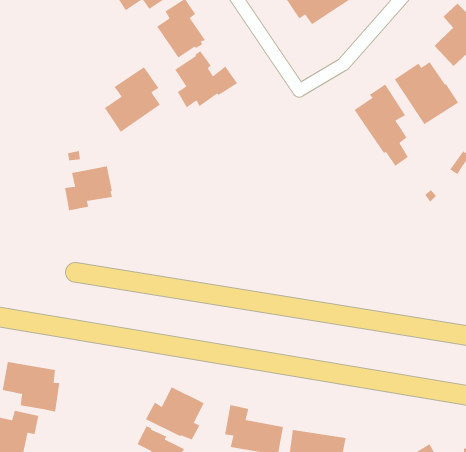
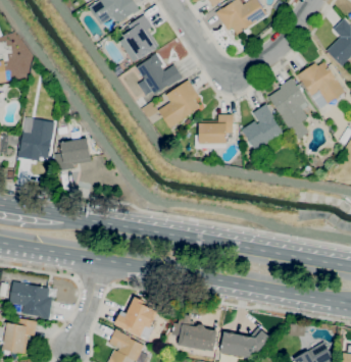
building: [104,66,161,133] -> [158,80,200,128]
building: none -> [241,103,283,152]
building: none -> [195,114,233,148]
building: none -> [16,117,54,161]

